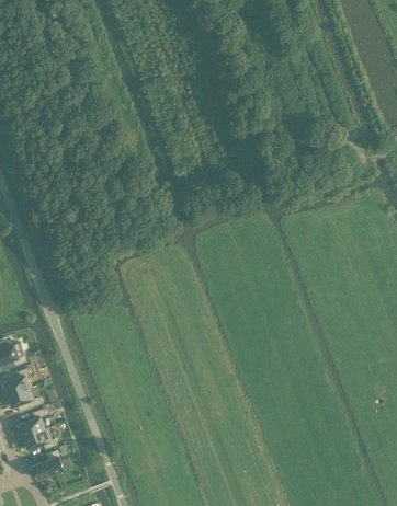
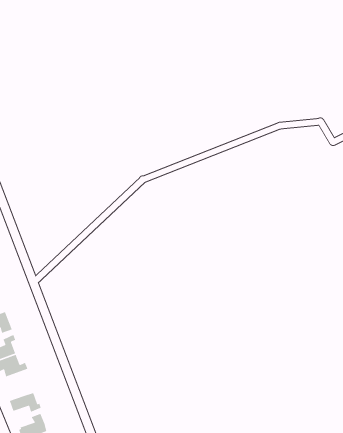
building: [18,407,46,437] -> none

